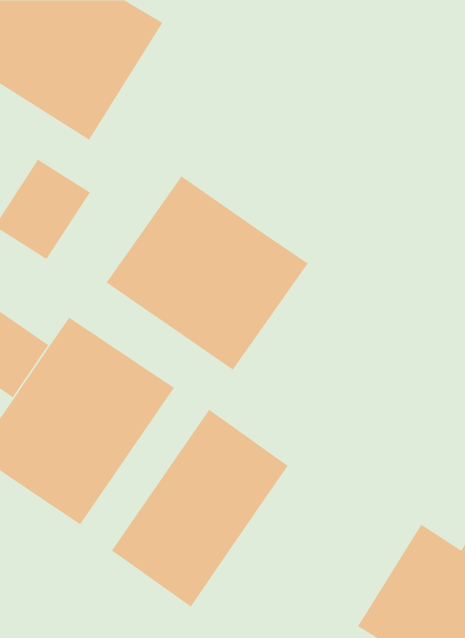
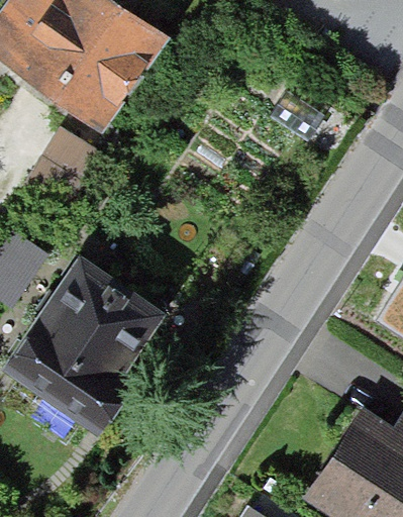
building: [106,176,309,370] -> none
building: [111,409,289,608] -> none

